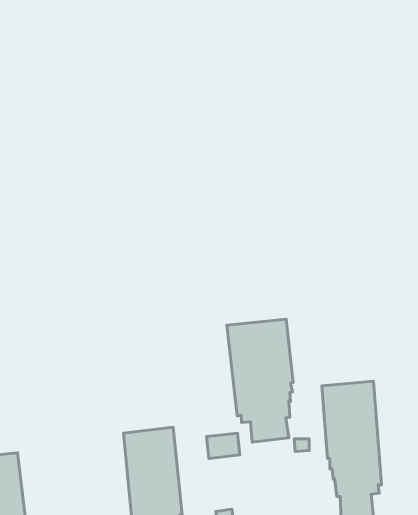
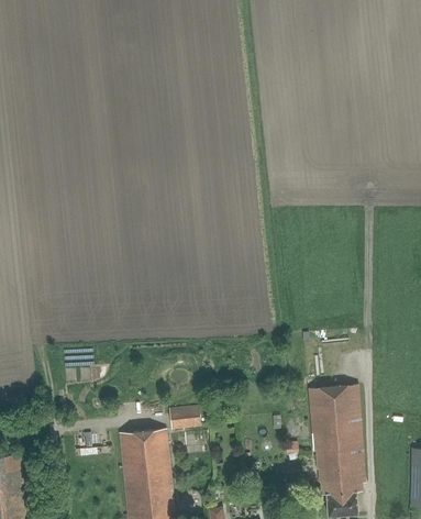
building: [227,319,293,442] -> none
building: [207,433,240,458] -> [168,405,200,429]

